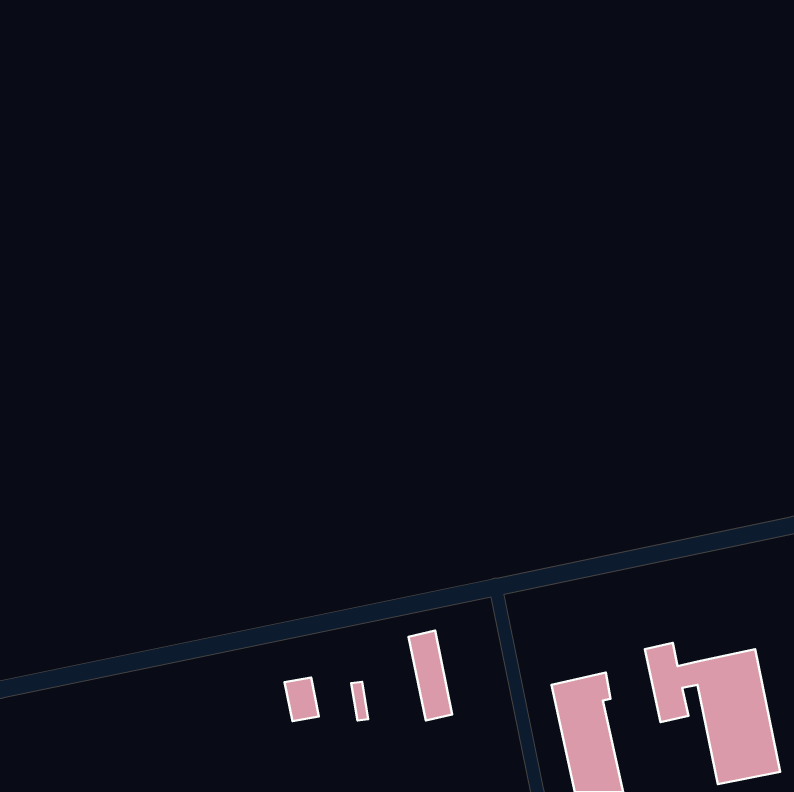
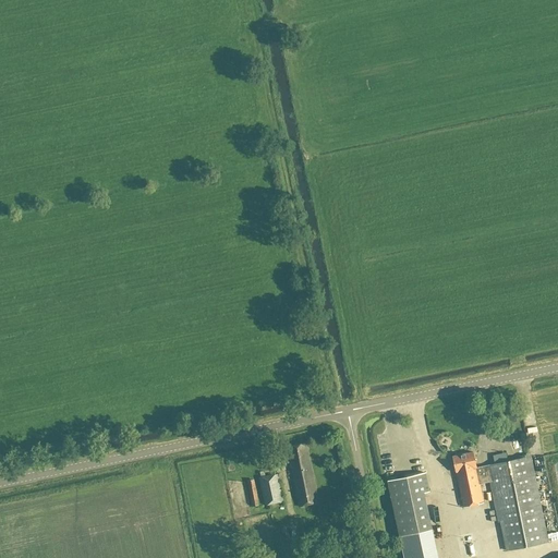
building: [285,678,319,721] -> [258,474,282,505]

